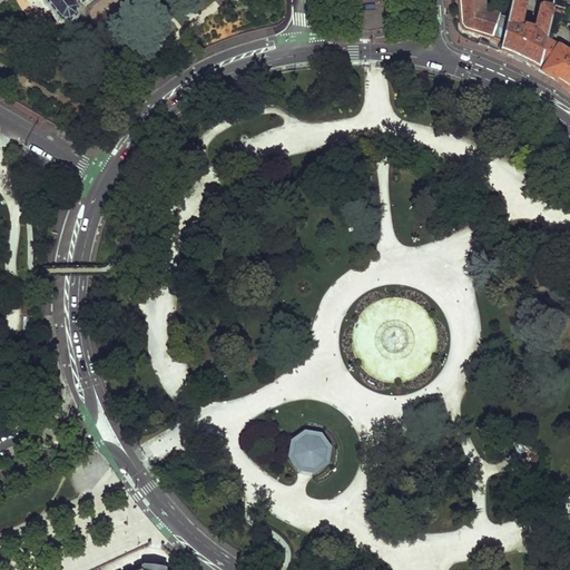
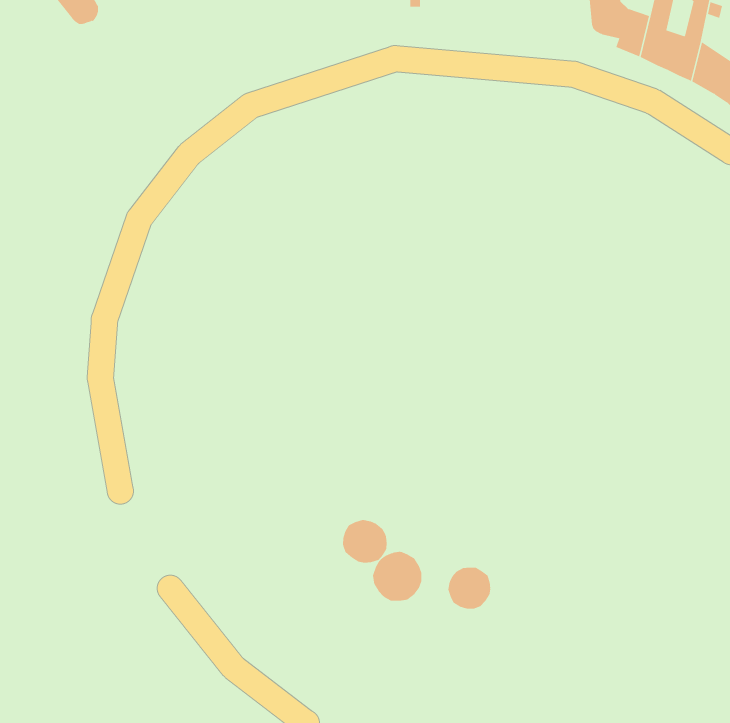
building: none -> [343,519,387,563]
building: none -> [448,567,491,609]

